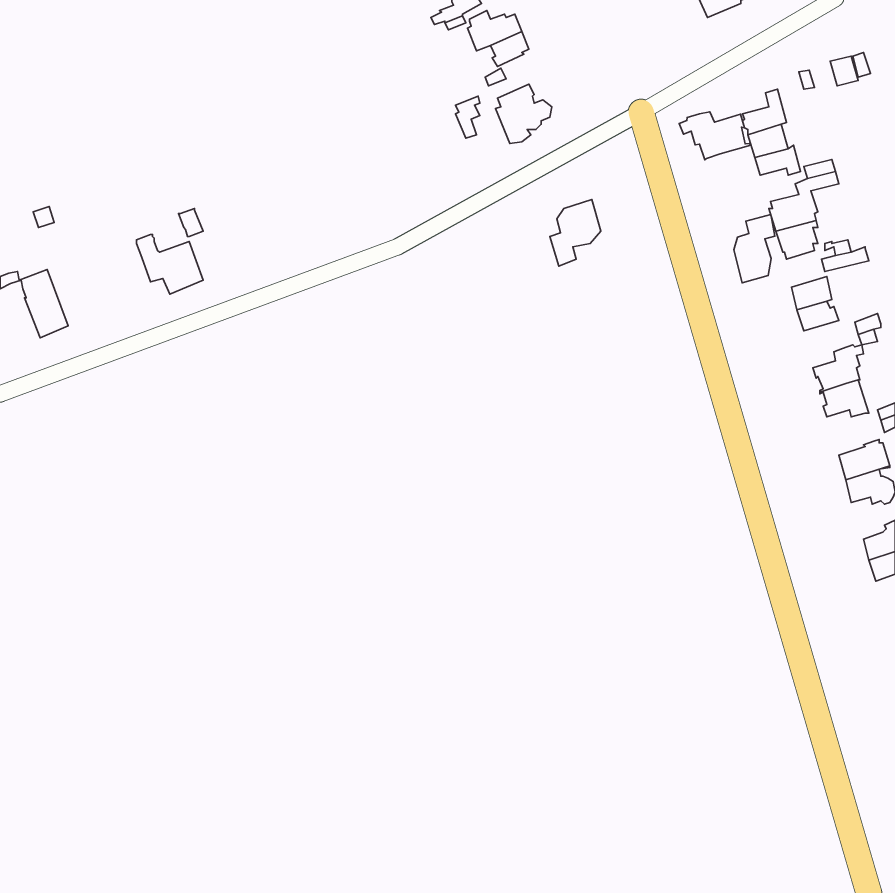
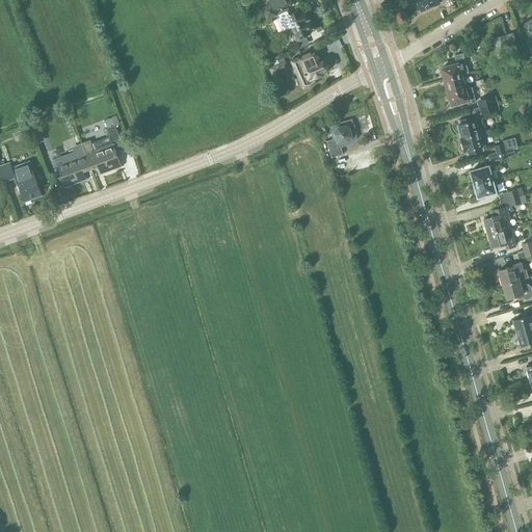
building: [679,112,751,160] -> none
building: [734,215,775,283] -> none
building: none -> [55,144,89,187]

